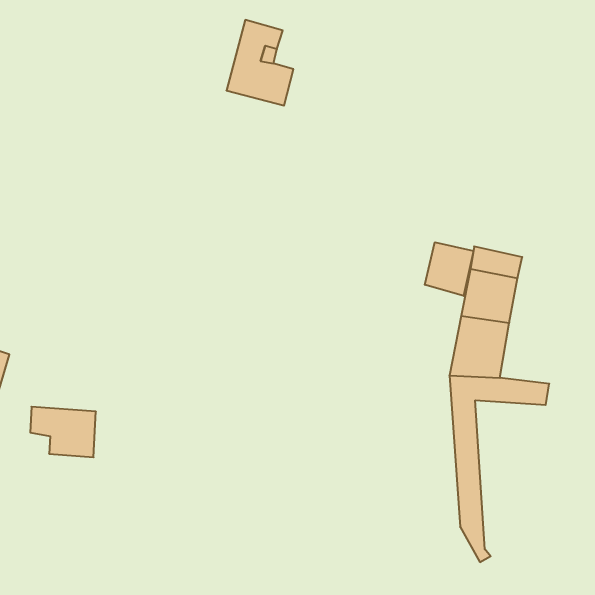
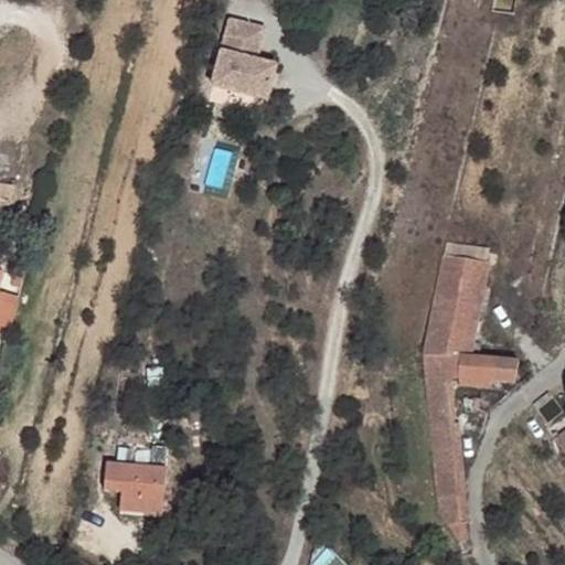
building: [425,242,473,296] -> none
building: [30,407,96,457] -> [100,462,162,510]

